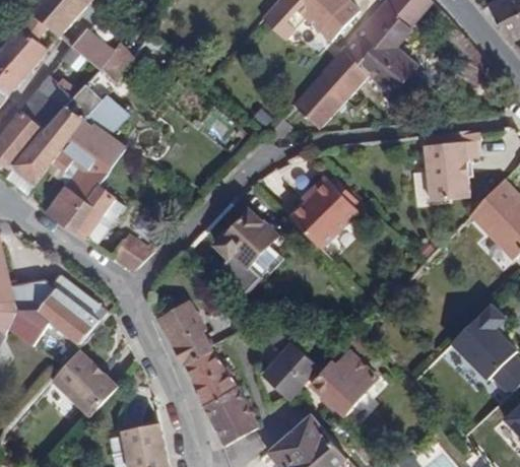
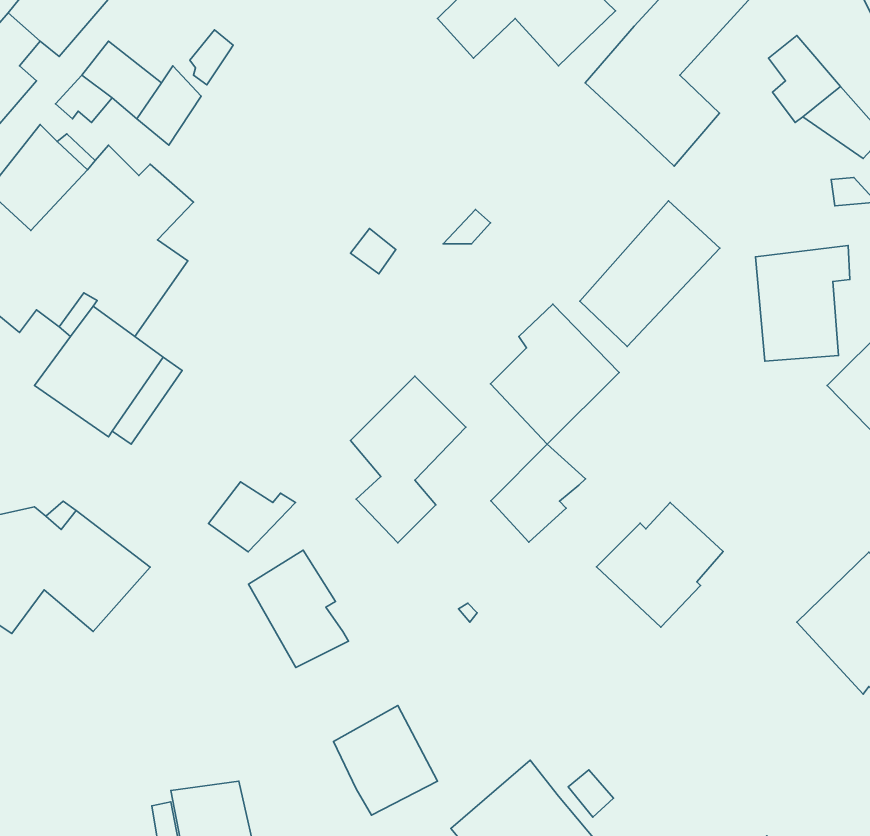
building: [292,51,368,129] -> [580,201,720,347]
building: [110,235,156,272] -> [208,482,295,552]
building: none -> [491,444,585,542]
building: [264,343,319,397] -> none
building: [310,349,378,416] -> [597,502,723,627]
building: [49,350,115,417] -> none
building: [185,350,240,404] -> none

